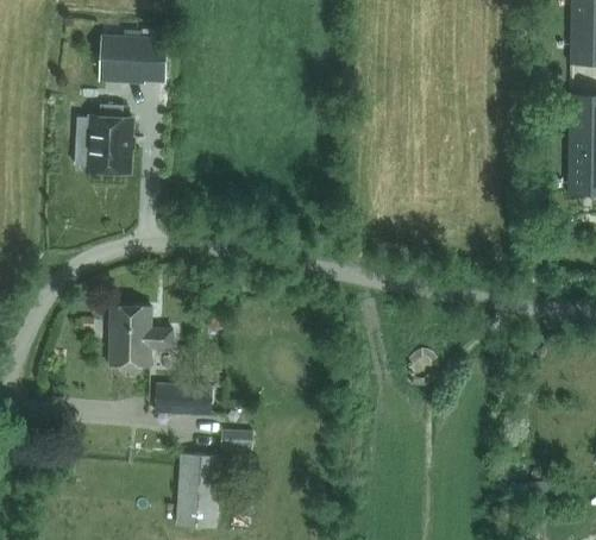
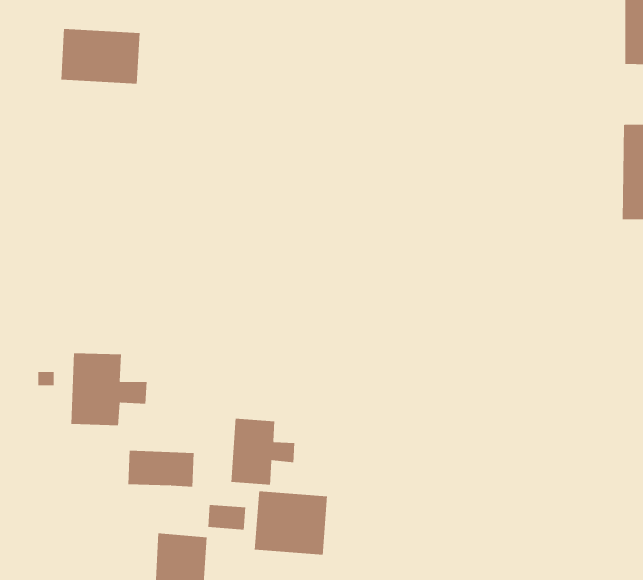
building: [76,105,132,171] -> none
building: none -> [231,418,295,485]
building: none -> [254,490,328,556]

